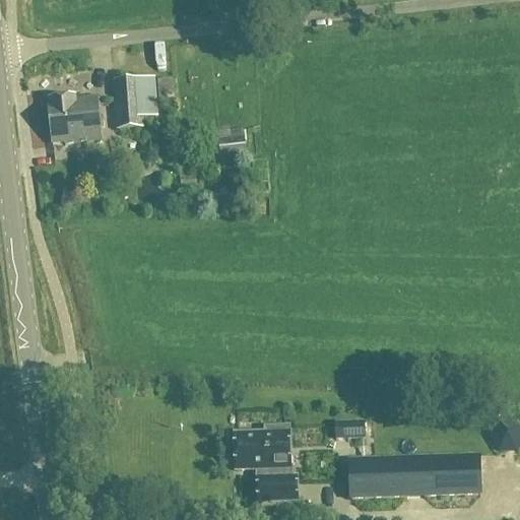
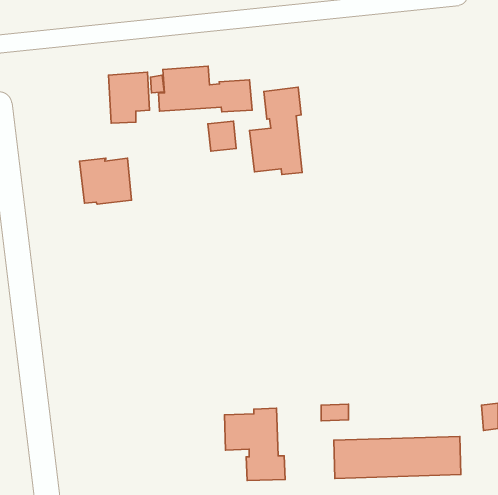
building: none -> [158,66,252,112]
building: none -> [250,87,302,175]
building: [46,94,100,142] -> [80,158,131,204]

